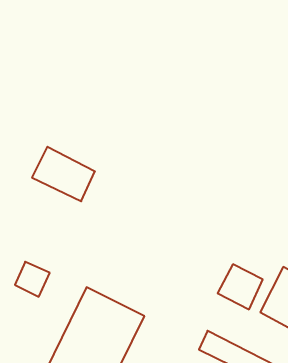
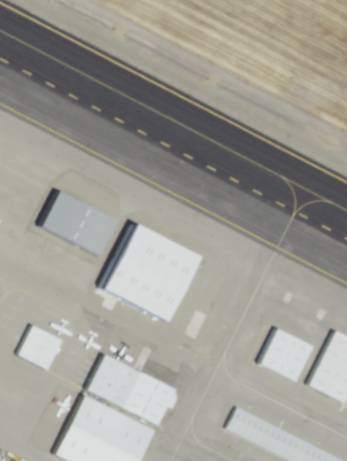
building: none -> [101,226,198,325]

